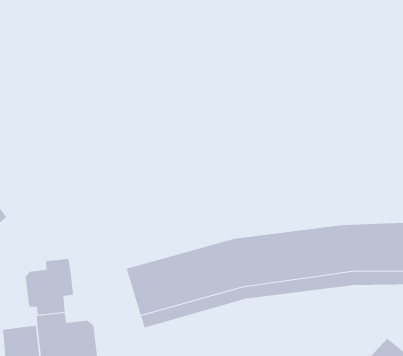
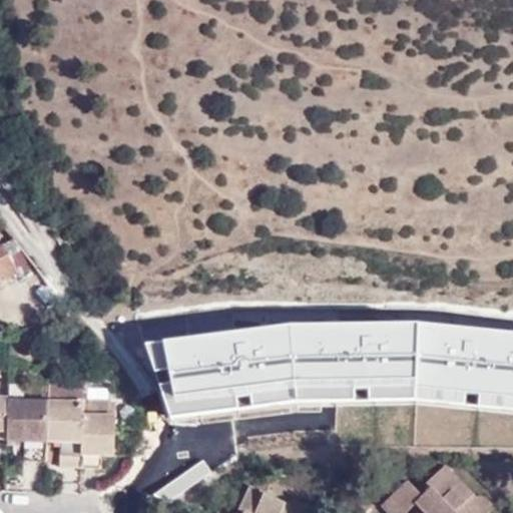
building: [25,258,74,316] -> none

